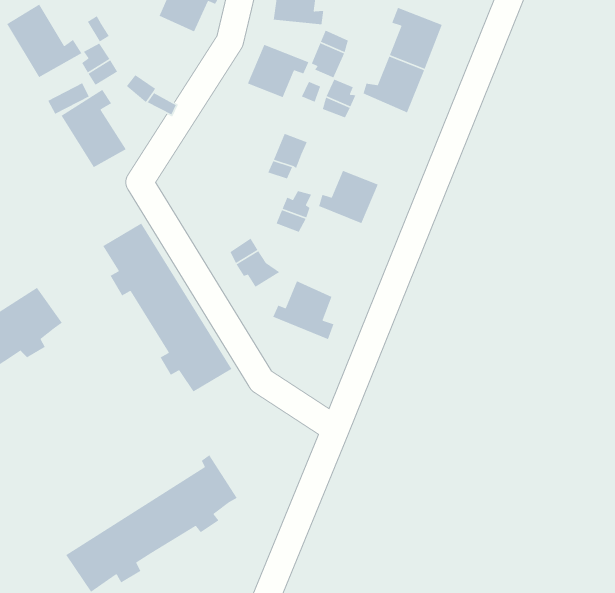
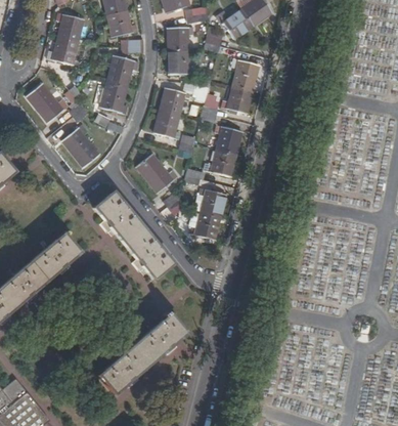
building: none -> [100,81,128,115]
building: none -> [153,111,180,140]
building: none -> [214,126,241,155]
building: none -> [136,154,178,194]
building: none -> [198,189,225,218]

